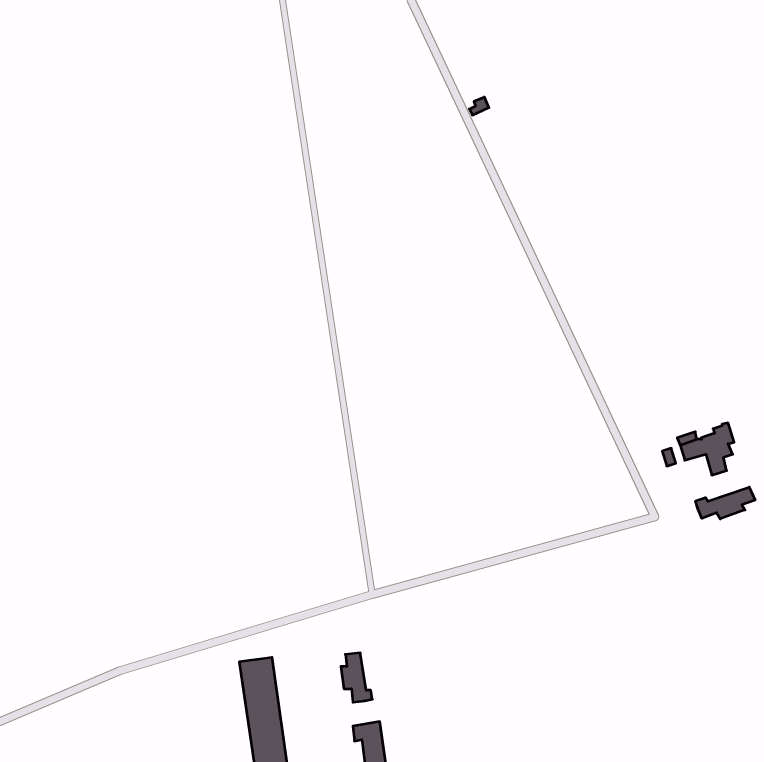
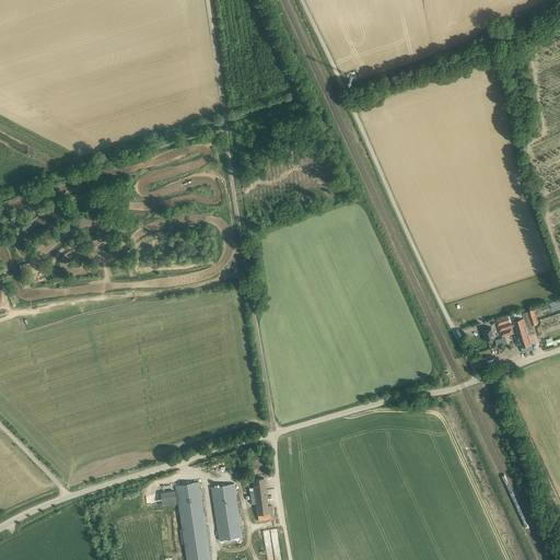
building: [696,487,755,519] -> none
building: none -> [211,485,242,541]

